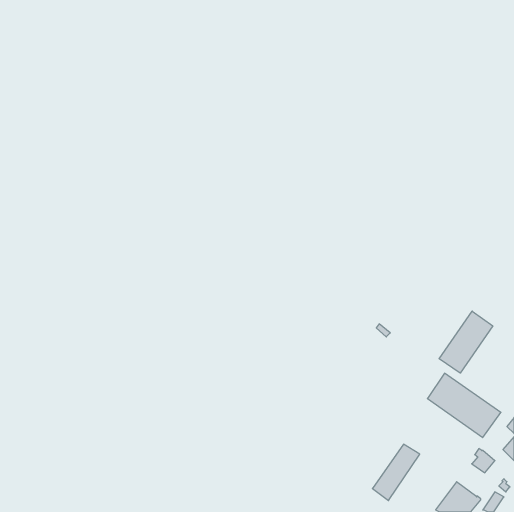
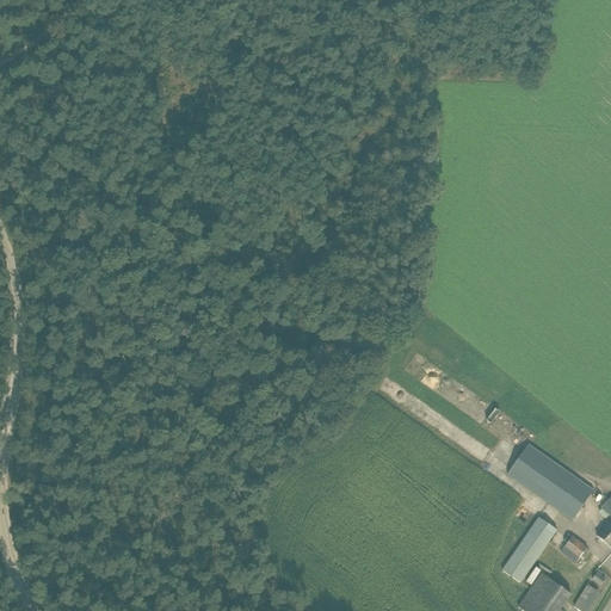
building: [439,311,493,373] -> none
building: [372,444,420,501] -> [501,516,557,582]

